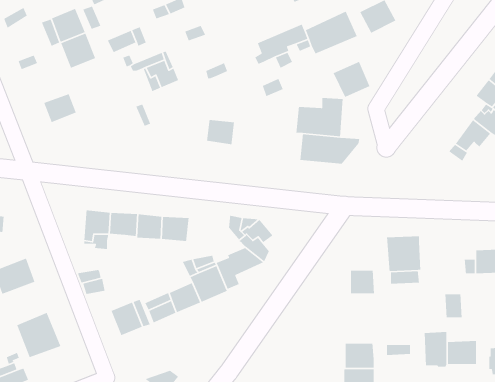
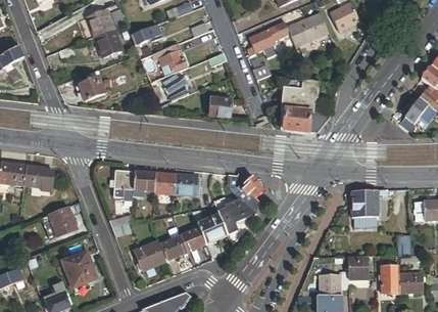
building: [333,61,370,98] -> none
building: none -> [164,73,189,99]
building: [350,270,375,294] -> [351,256,371,275]

